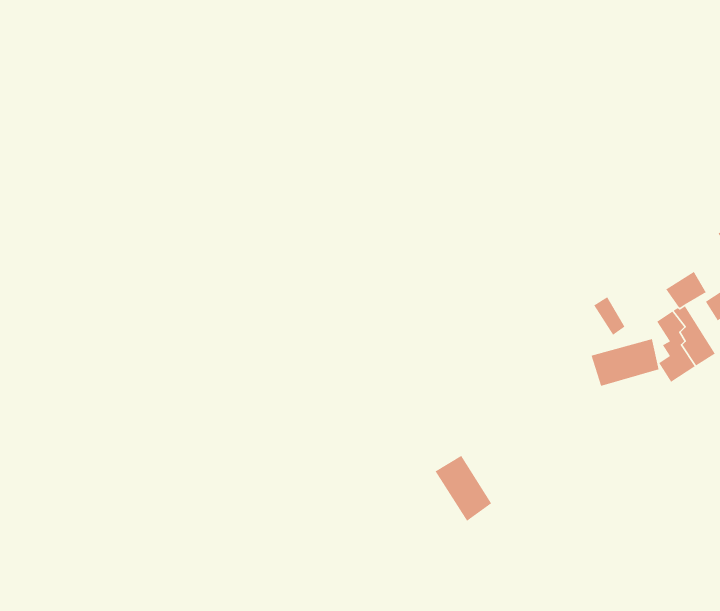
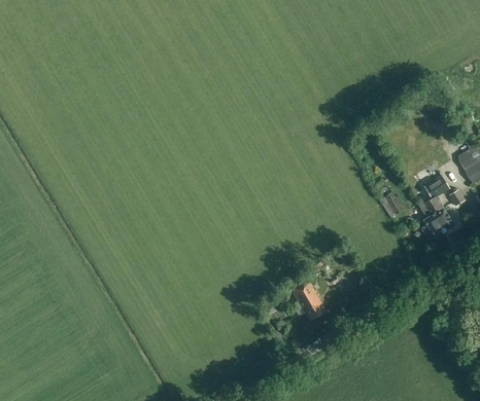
building: [591,338,660,387] -> none

